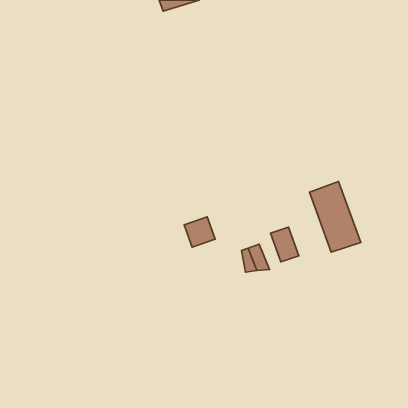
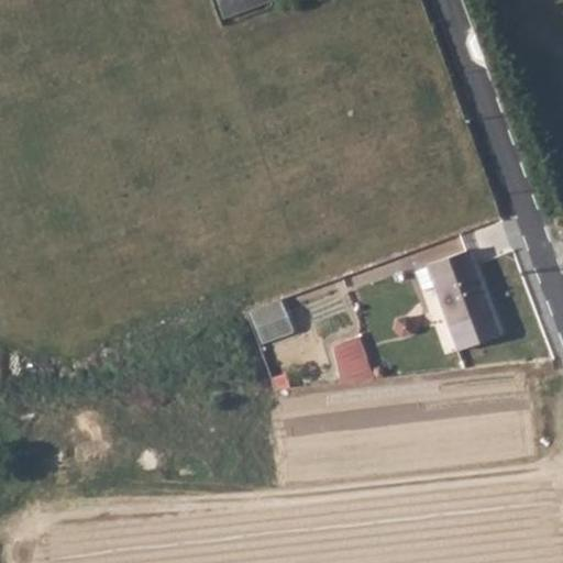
building: [271,227,299,262] -> none

